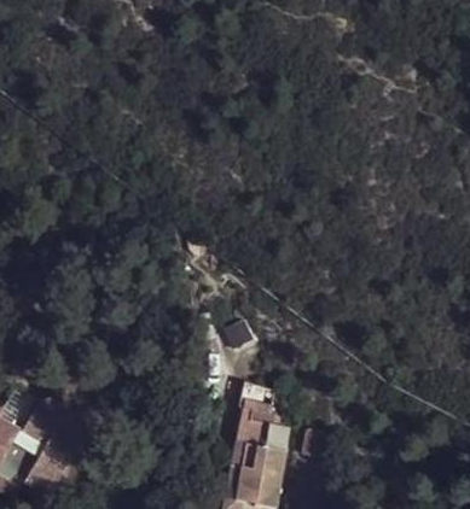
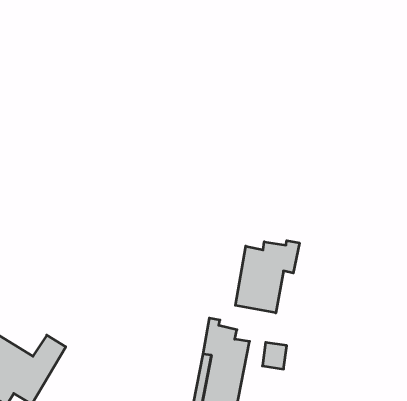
building: none -> [235,241,299,313]

